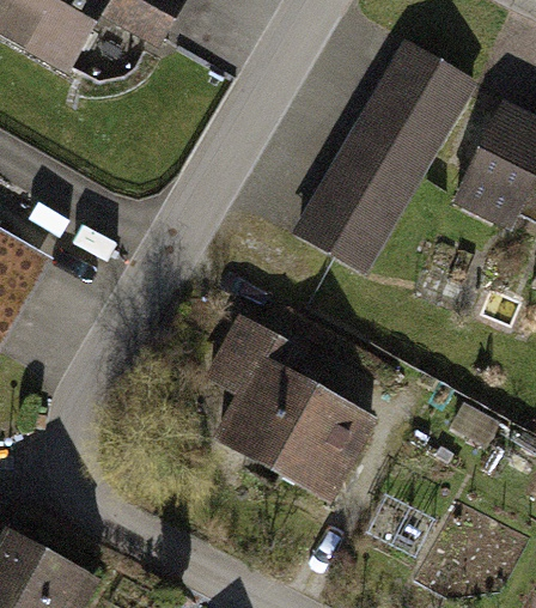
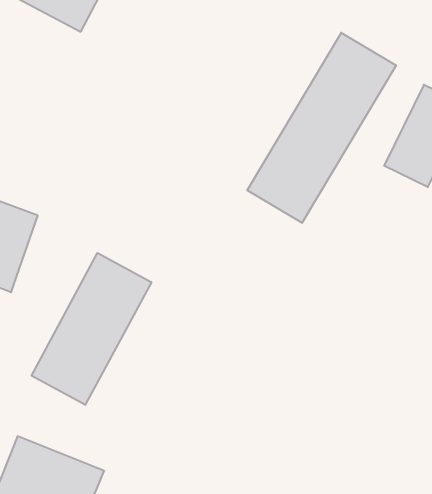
building: none -> [32,253,151,405]
building: [214,321,368,499] -> none

